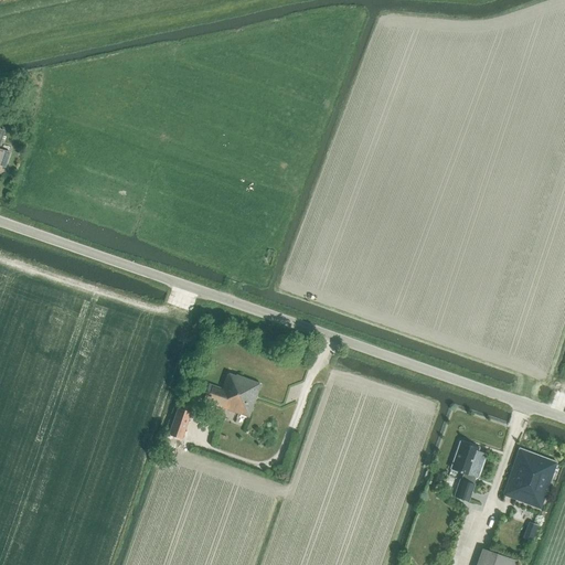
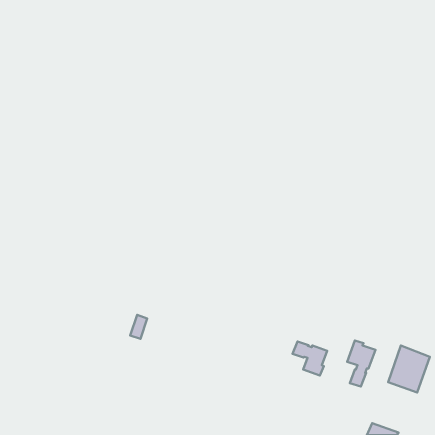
building: [203,373,260,417] -> none
building: none -> [293,341,327,376]

